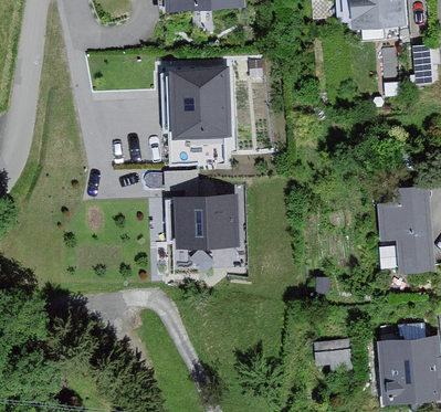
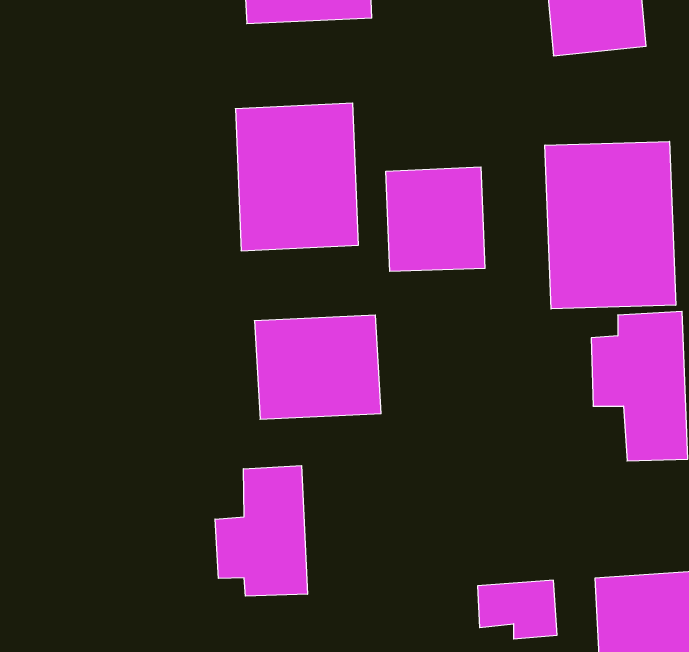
building: none -> [545,141,676,309]
building: none -> [386,167,485,271]
building: none -> [215,466,307,596]

